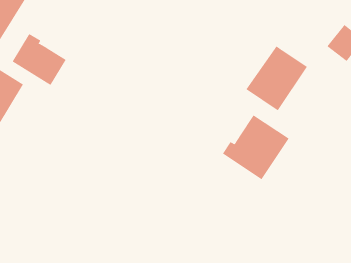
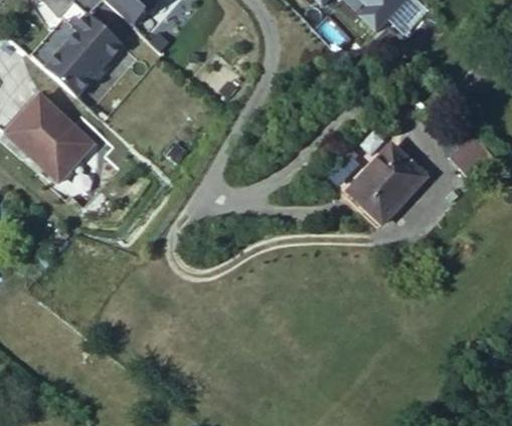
building: [12,33,66,86] -> none
building: [222,114,290,180] -> none

